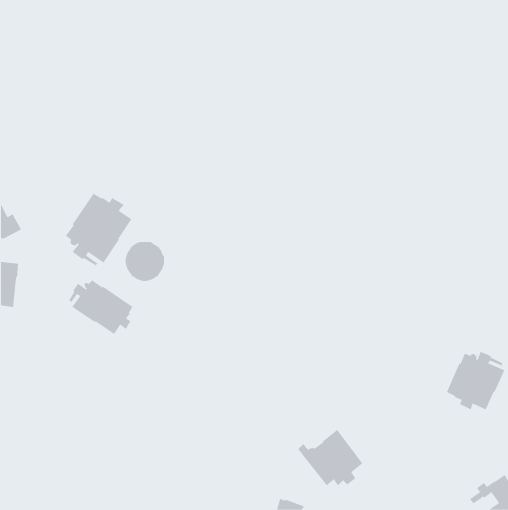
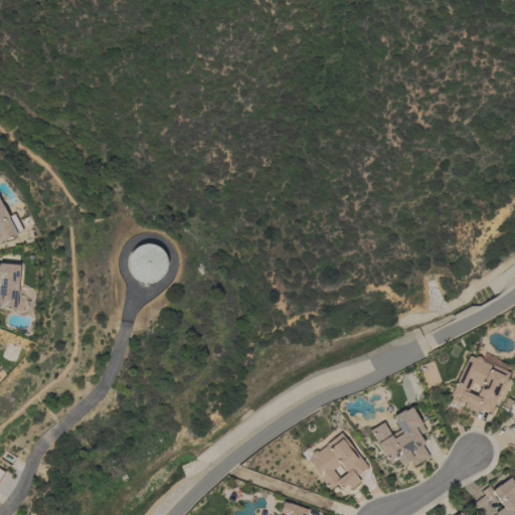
building: [65,193,132,266] -> none
building: [68,279,133,335] -> none
building: none -> [370,407,430,466]

